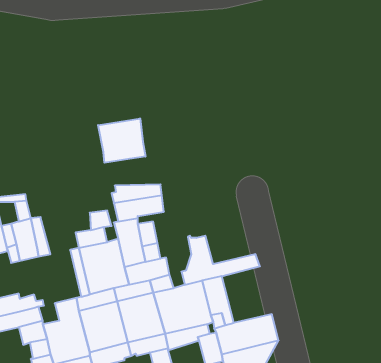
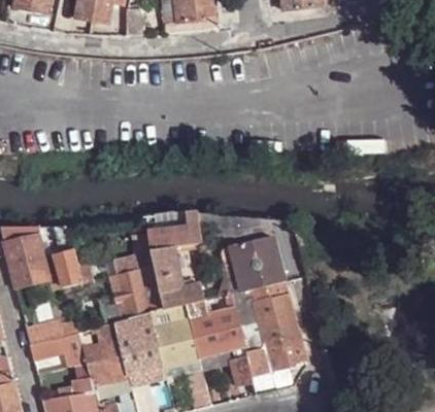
building: [98,118,145,163] -> none
building: none -> [219,235,283,289]
building: none -> [252,291,299,345]

